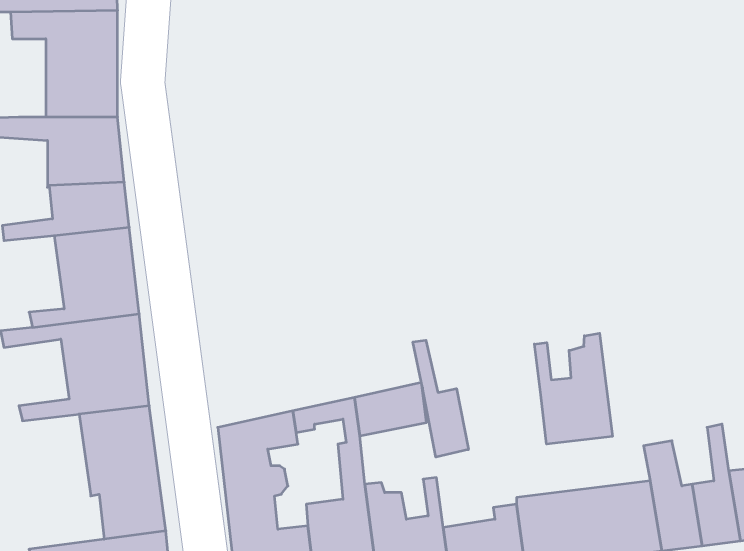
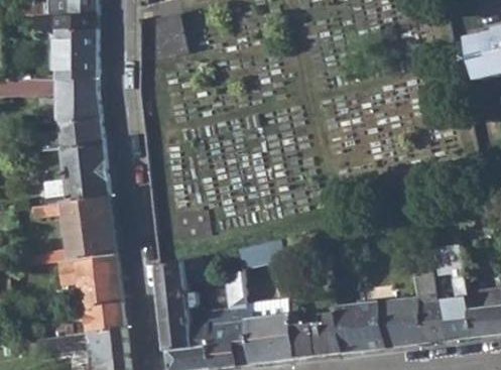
building: none -> [154,20,184,63]
building: [534,333,612,444] -> none
building: [413,340,468,457] -> none

